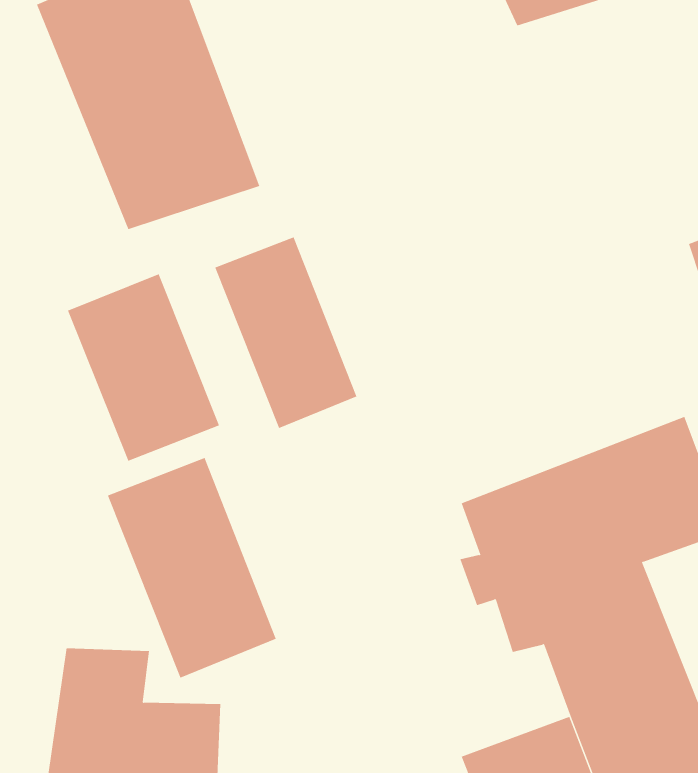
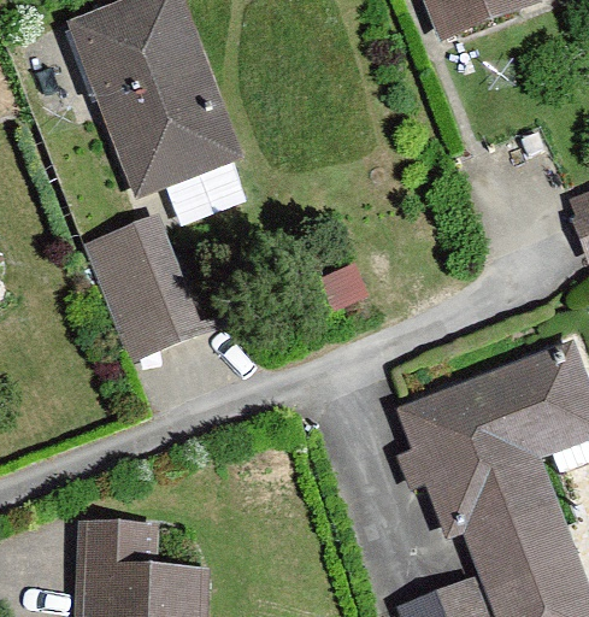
building: [215,237,357,429] -> none
building: [107,457,277,678] -> none

